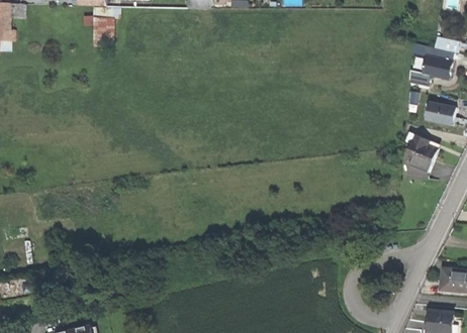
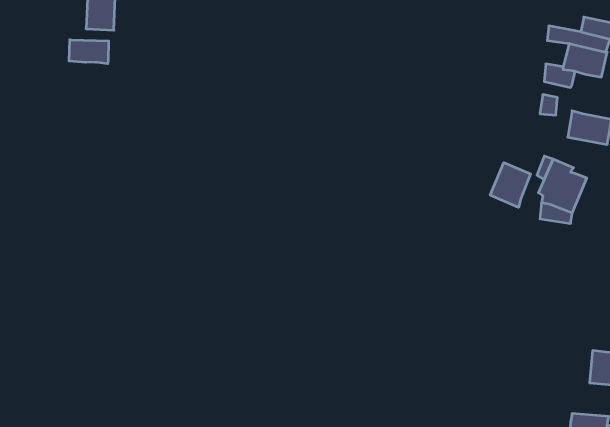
building: none -> [69,40,109,64]
building: none -> [490,163,531,207]

